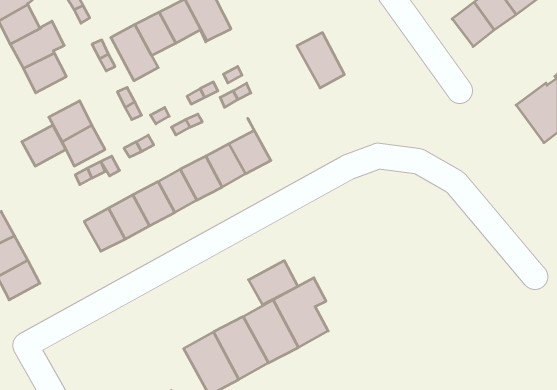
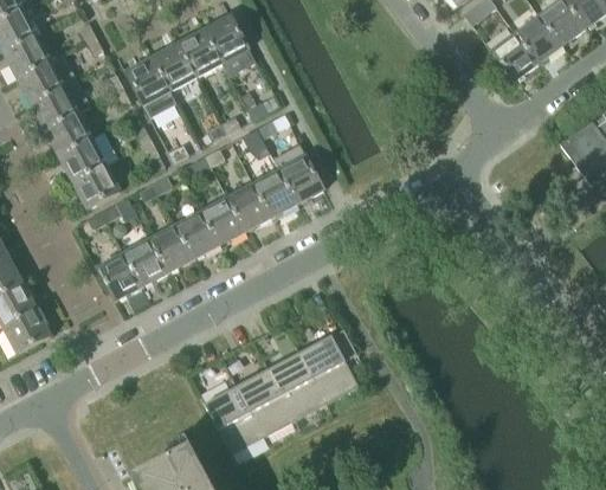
building: [297,33,344,88] -> [272,143,323,202]
building: [22,125,66,166] -> [45,112,92,156]
building: [248,261,298,305] -> none

